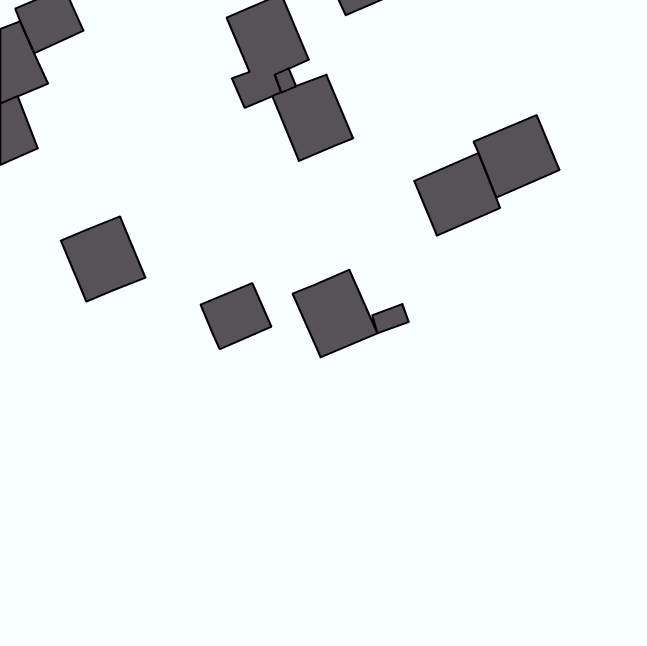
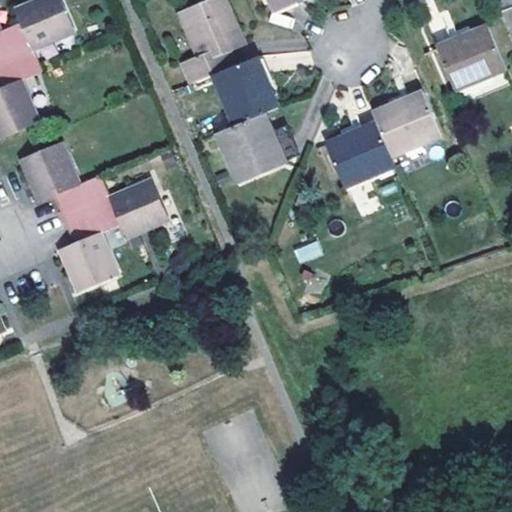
building: none -> [438,25,506,89]
building: none -> [20,140,70,194]
building: [293,270,377,357] -> [219,115,286,184]
building: [201,283,271,349] -> [105,178,161,230]
building: none -> [57,228,109,285]

